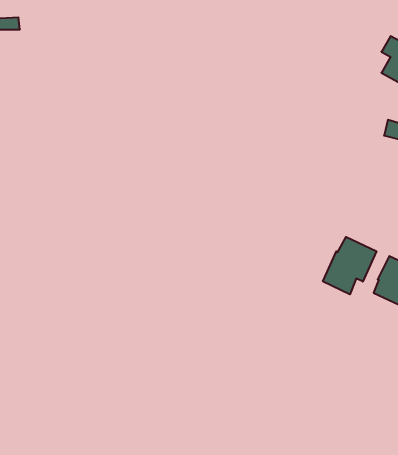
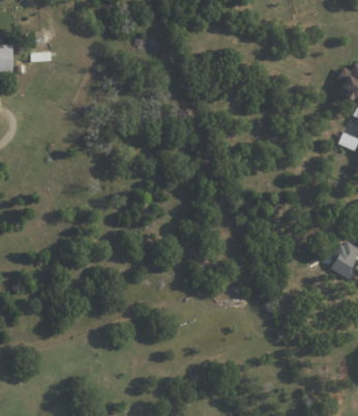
building: [323,237,376,294] -> none

